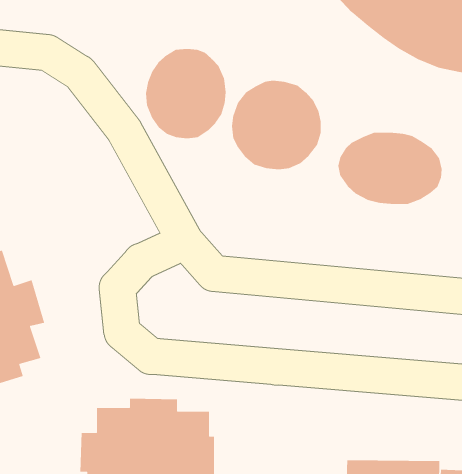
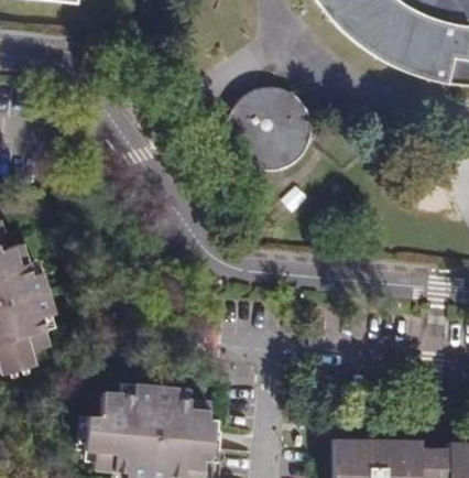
building: [145,48,226,139] -> none
building: [338,132,443,205] -> none

